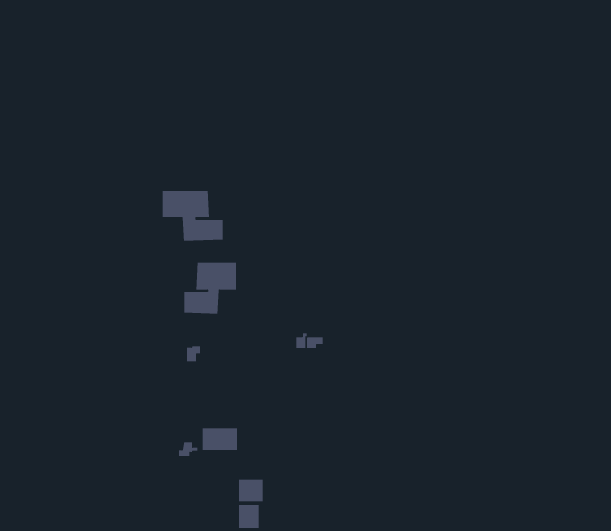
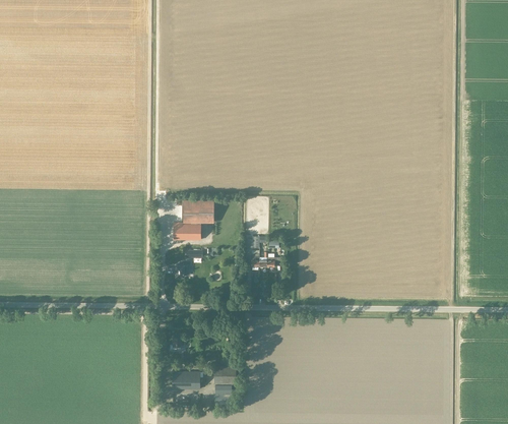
building: [162,190,223,242] -> none
building: [202,428,238,450] -> [172,373,199,390]

